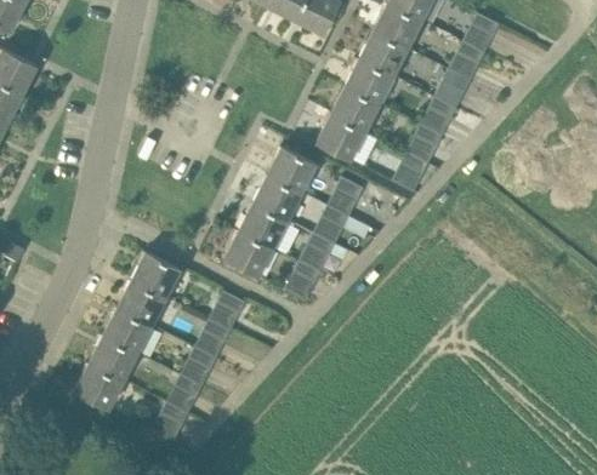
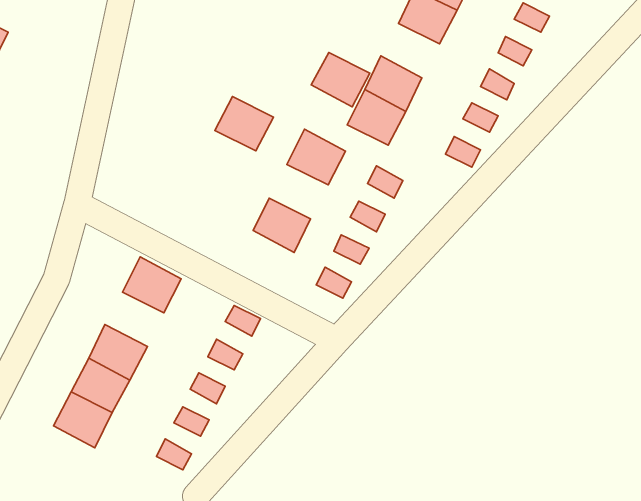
building: [345,61,393,105] -> [311,53,370,107]
building: [252,177,301,222] -> [215,97,273,151]
building: [224,231,273,277] -> none
building: [116,282,165,327] -> none

